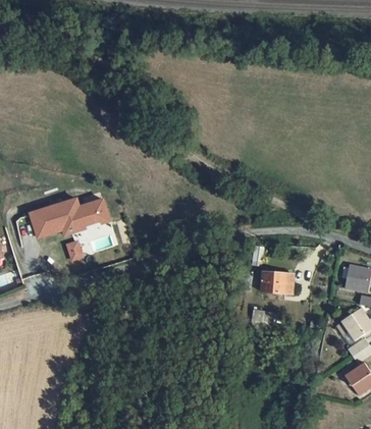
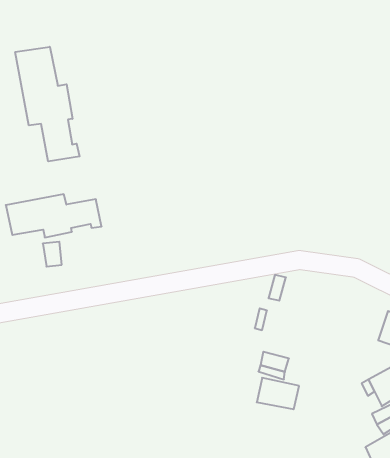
building: none -> [15,47,80,161]
building: [261,270,294,292] -> [257,378,299,409]

